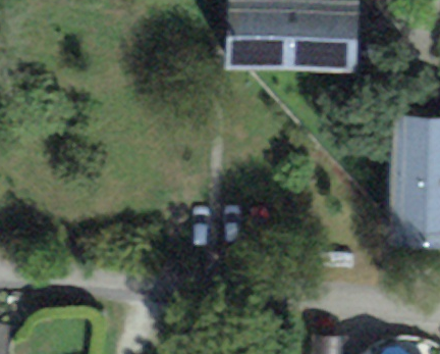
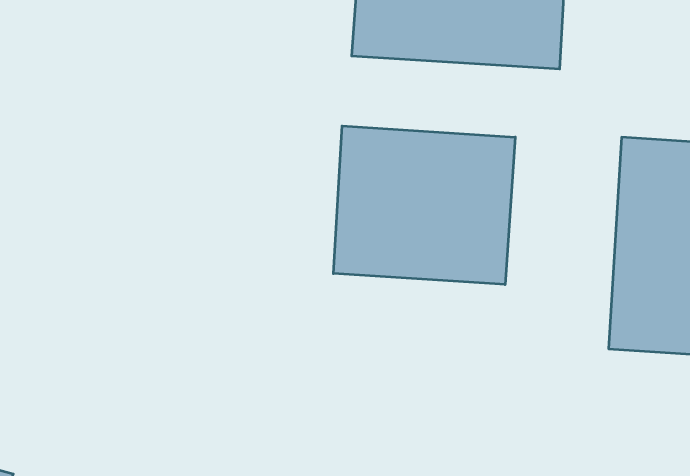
building: none -> [333,126,515,285]

